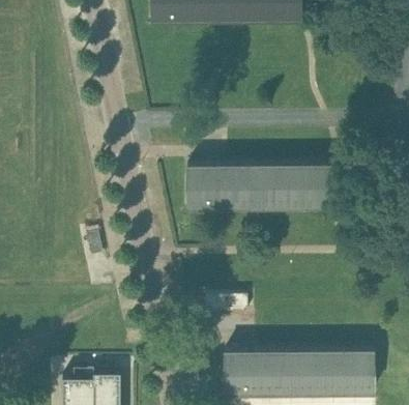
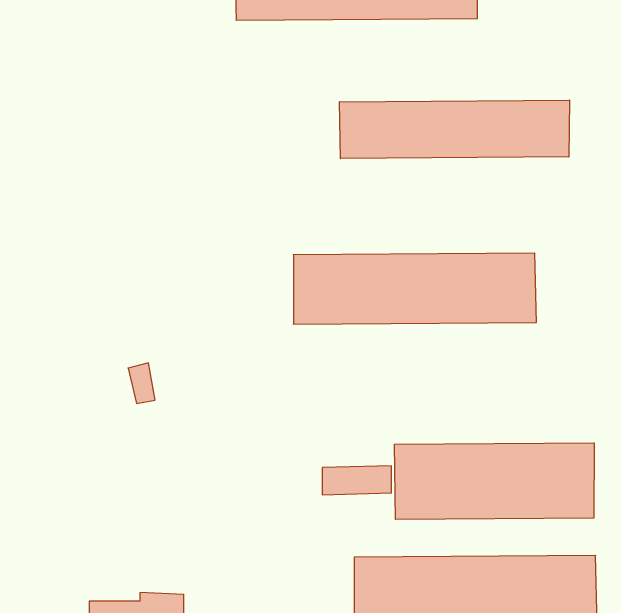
building: none -> [340,100,570,159]
building: none -> [395,443,594,519]

